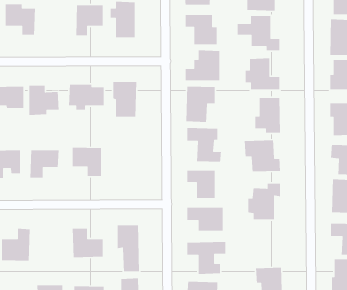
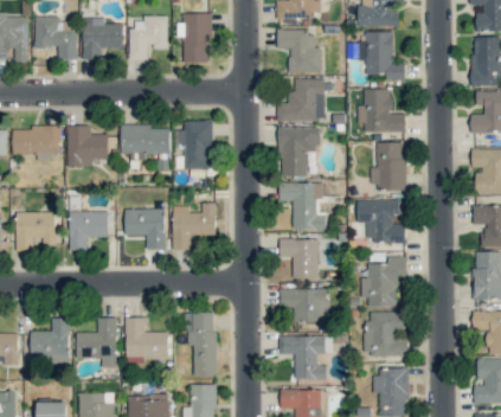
building: none -> [83,18,123,60]
building: none -> [172,203,217,250]
building: none -> [365,312,409,357]
building: none -> [77,319,117,368]

